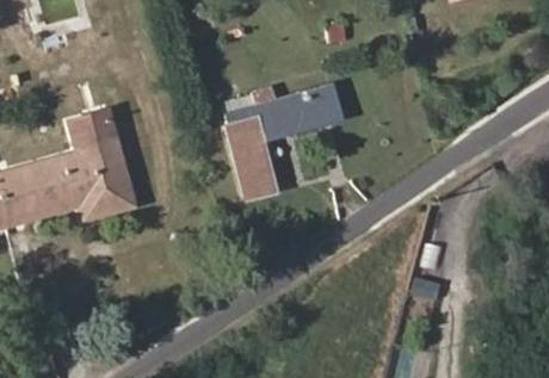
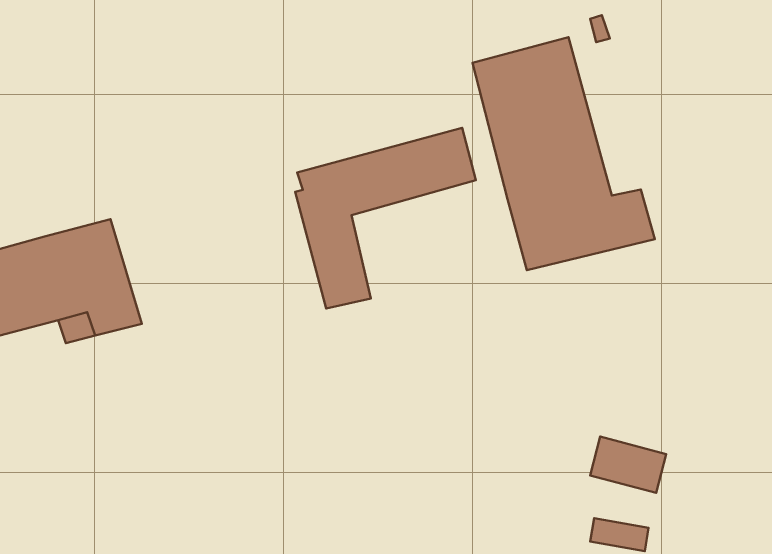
building: none -> [472,37,655,270]
building: [67,114,115,154] -> none

